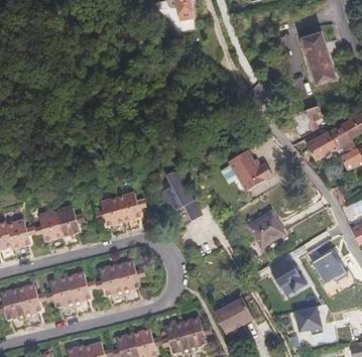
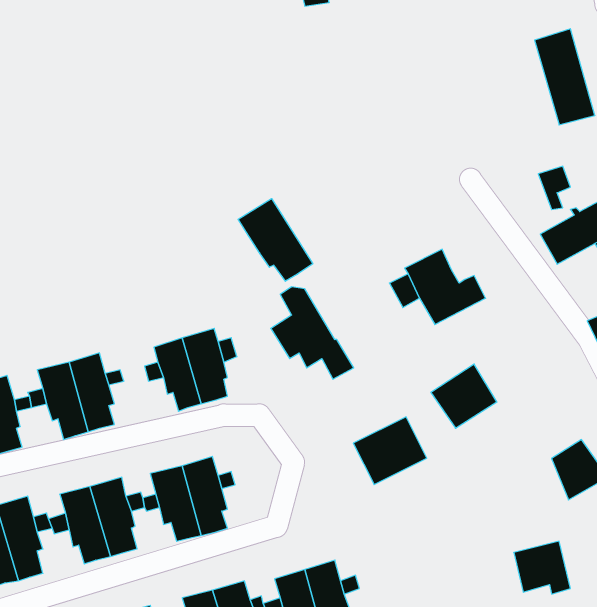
building: none -> [238,199,313,281]
building: [271,260,305,291] -> none
building: [216,299,255,335] -> [353,417,427,485]

